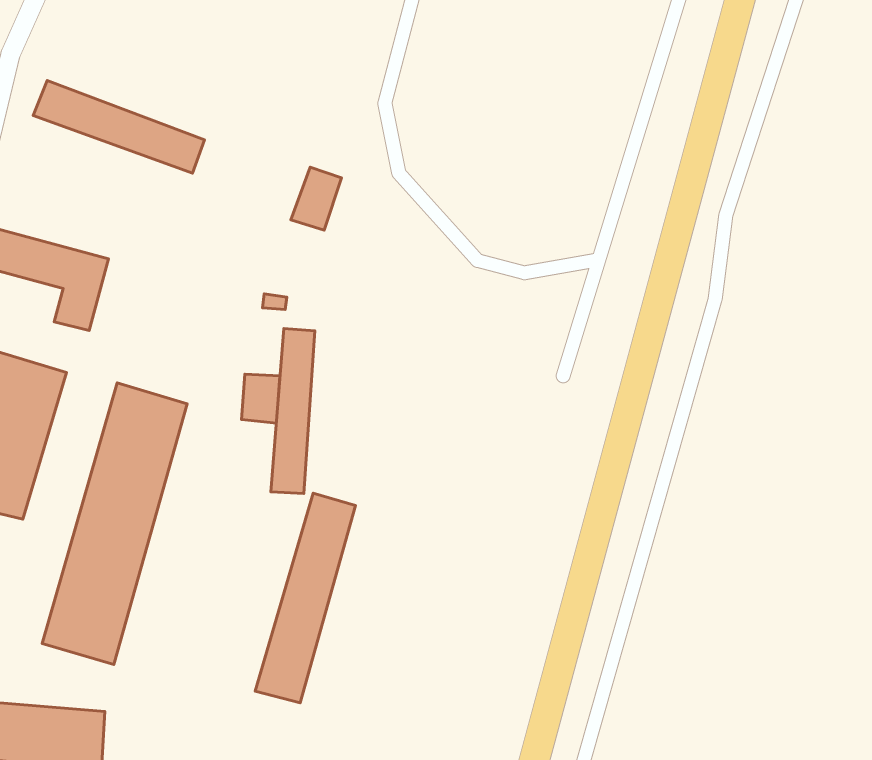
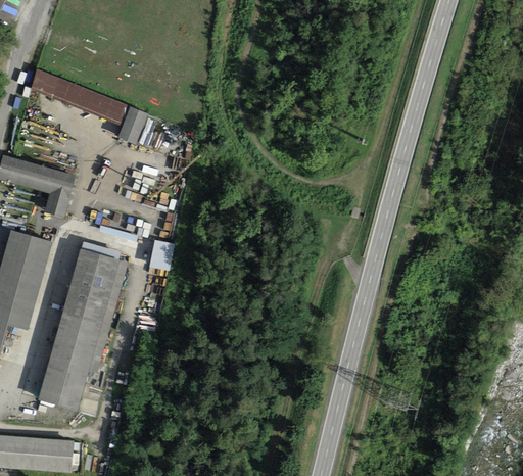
building: [291,167,342,230] -> [121,108,150,145]
building: [271,329,315,493] -> none
building: [255,493,355,703] -> none

